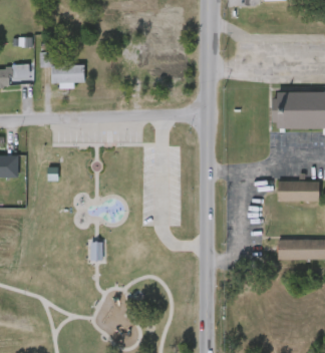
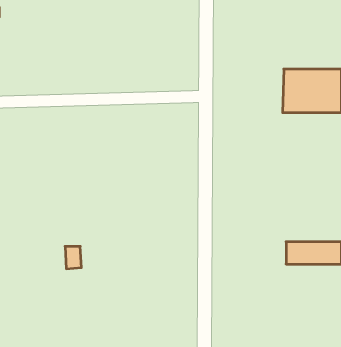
building: [39,51,84,85] -> none
building: [276,180,318,201] -> none

